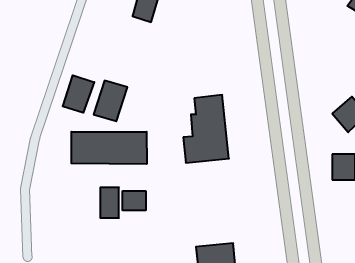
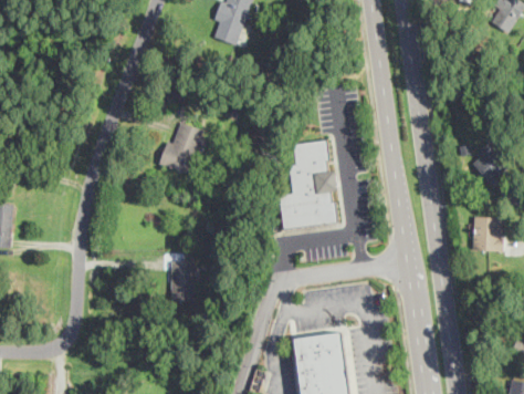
building: [63,75,94,113] -> none
building: [71,132,147,164] -> none
building: [123,191,146,210] -> none

